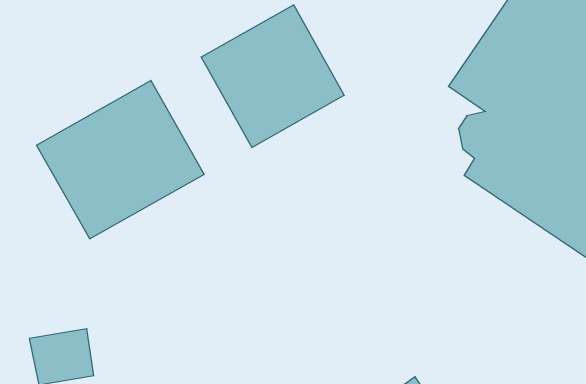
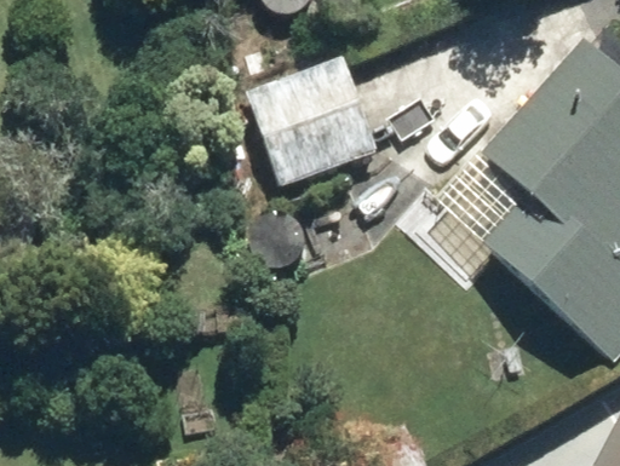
building: [37,80,204,239] -> none

